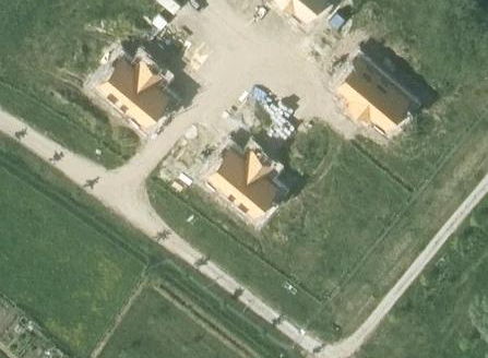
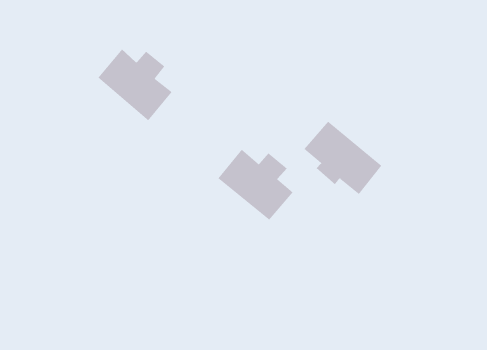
building: [341,60,412,127] -> [304,121,382,195]

